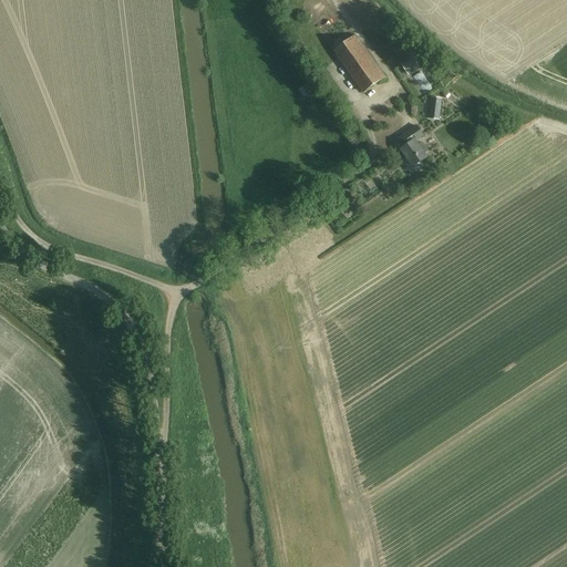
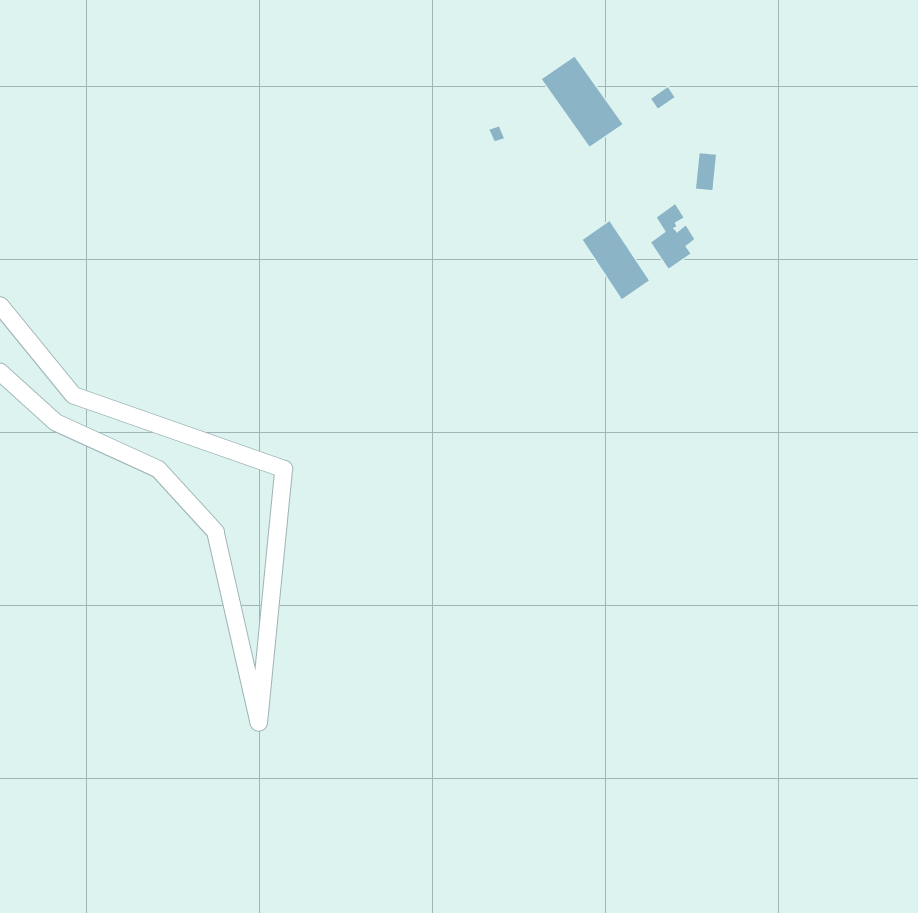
building: none -> [582,220,650,300]

